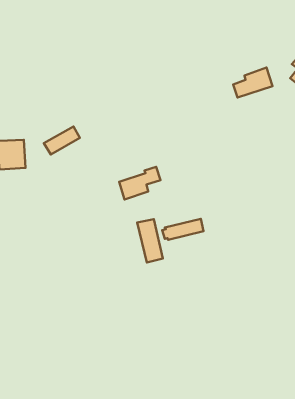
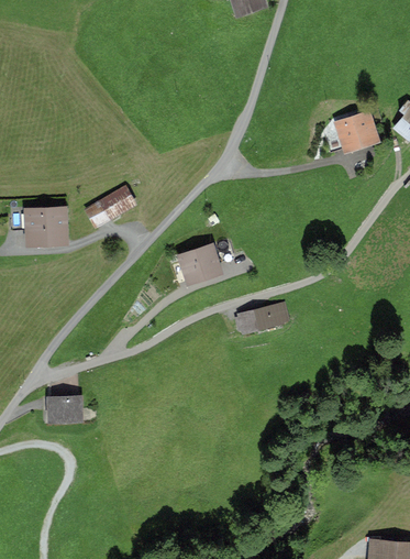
building: [137,219,163,263] -> none
building: none -> [51,396,80,417]

